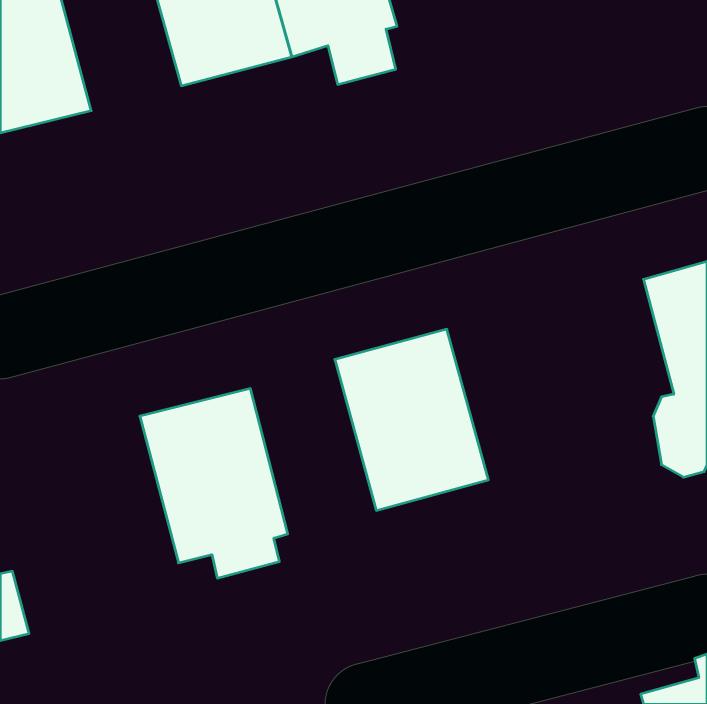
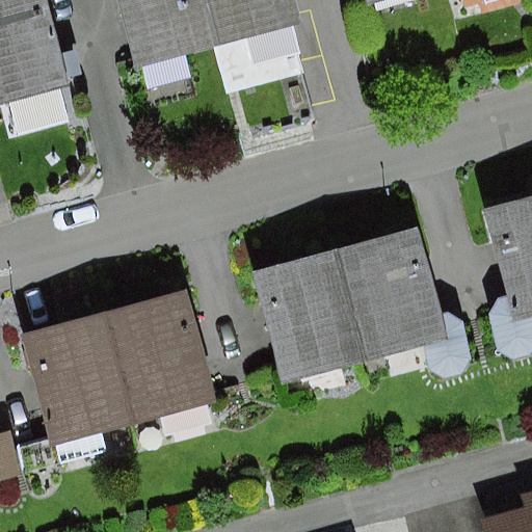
building: none -> [336,227,471,376]
building: none -> [22,313,134,460]

